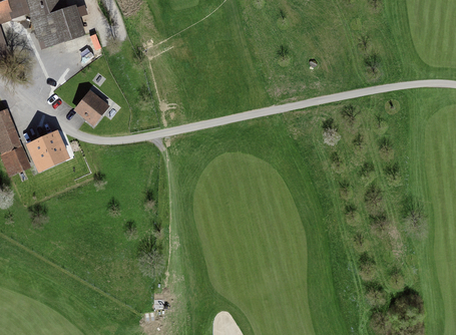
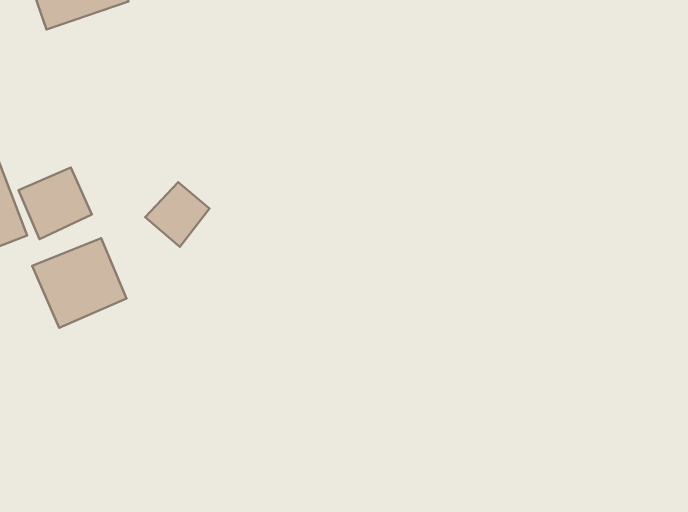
building: [69,89,106,126] -> [145,182,210,247]
building: none -> [32,238,127,328]

